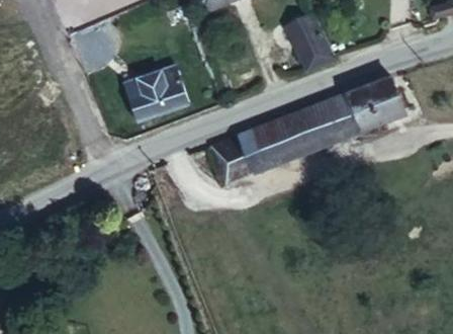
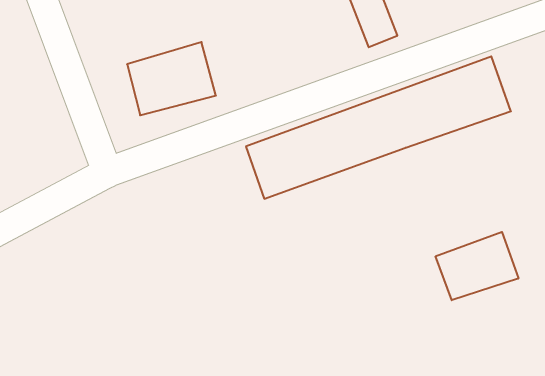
building: none -> [436,232,518,300]

